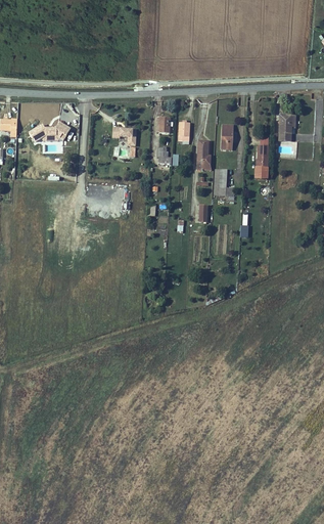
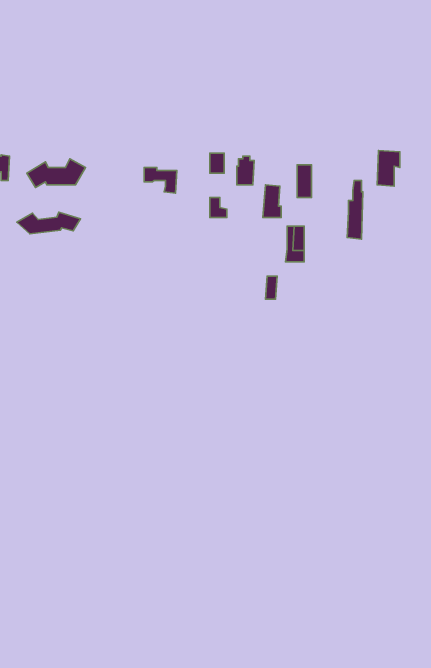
building: none -> [17,212,80,234]

